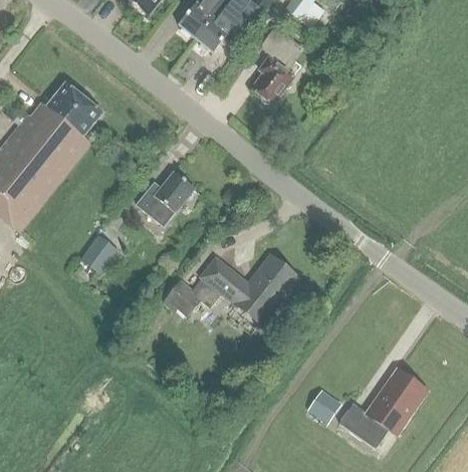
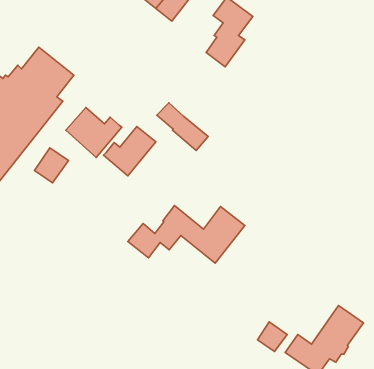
building: none -> [157,103,208,150]
building: none -> [66,107,122,158]
building: [80,234,119,273] -> [34,148,69,183]

